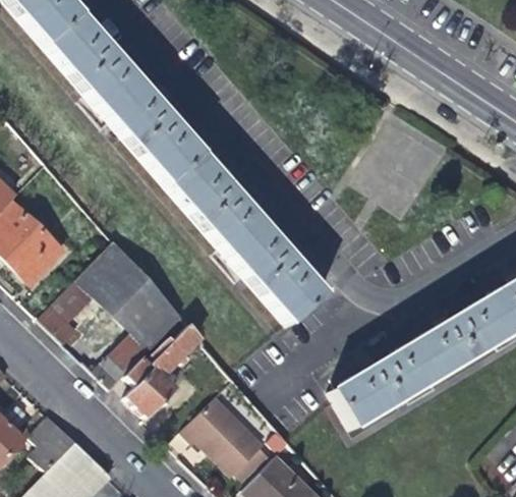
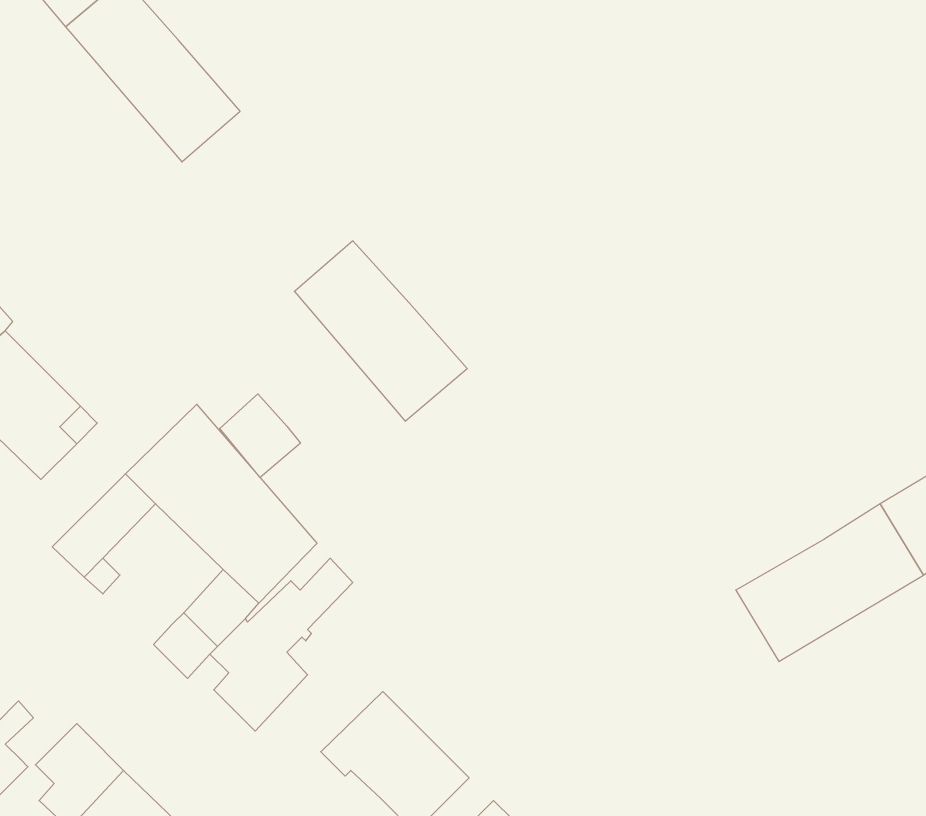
building: [109,84,202,181] -> none
building: [230,223,324,321] -> none
building: none -> [220,394,300,478]
building: [333,343,433,428] -> none

